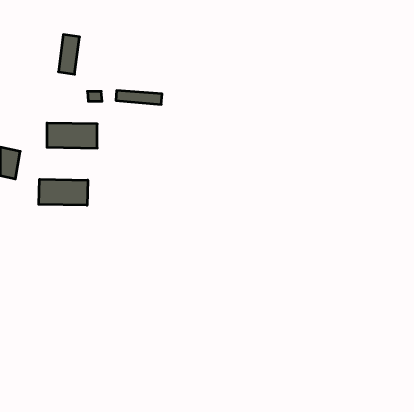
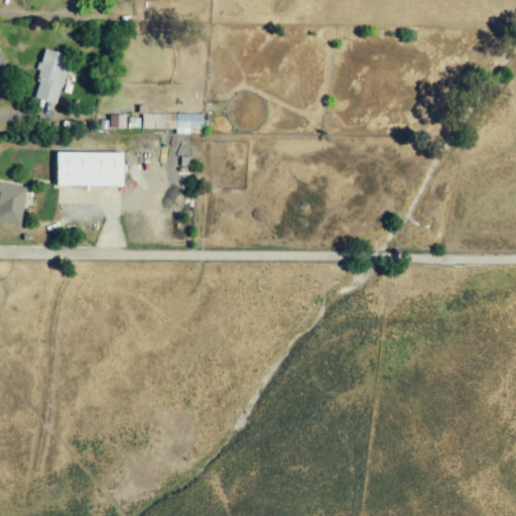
building: [58,35,80,74] -> [37,51,63,101]
building: [39,179,88,205] -> none

